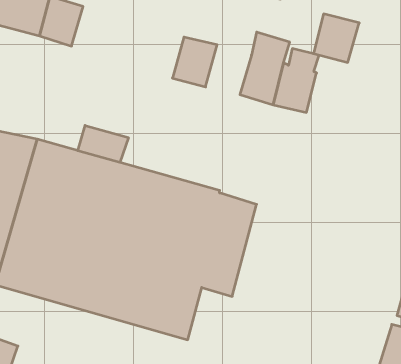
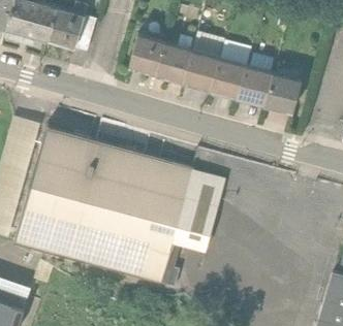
building: [313,14,359,62] -> [264,69,302,108]
building: none -> [128,32,165,73]
building: none -> [183,46,220,87]
building: [78,125,128,162] -> none

